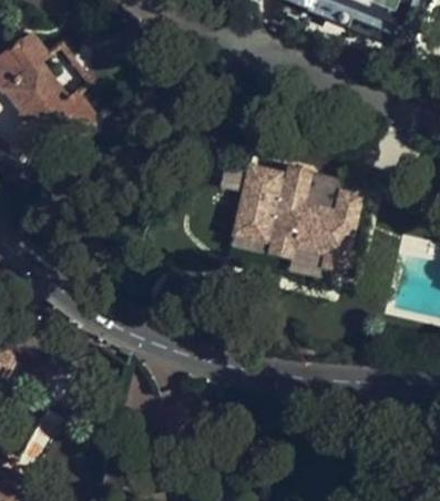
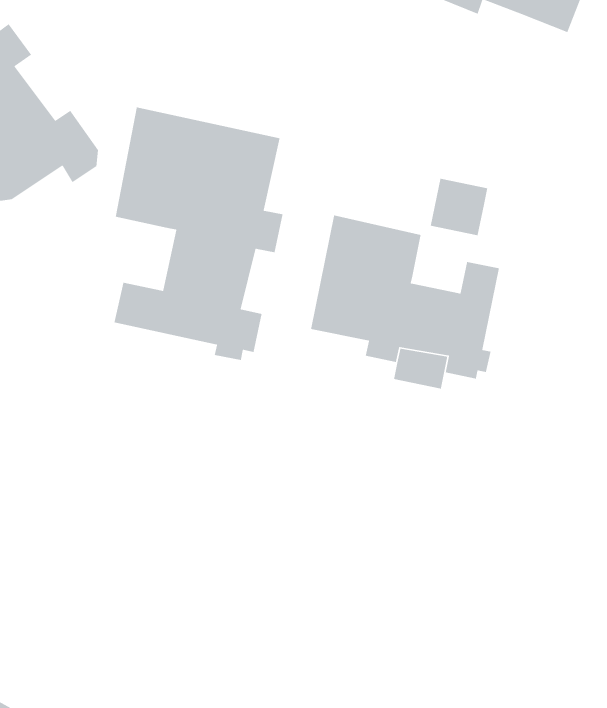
building: none -> [114,106,284,361]
building: [304,173,342,212] -> [430,178,488,236]

